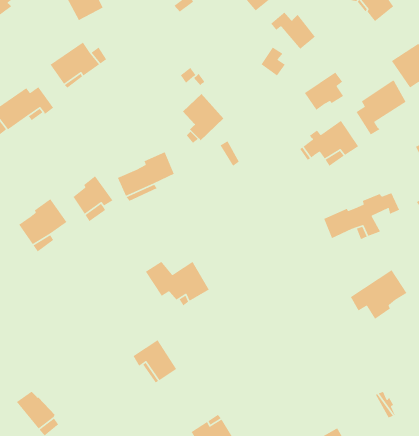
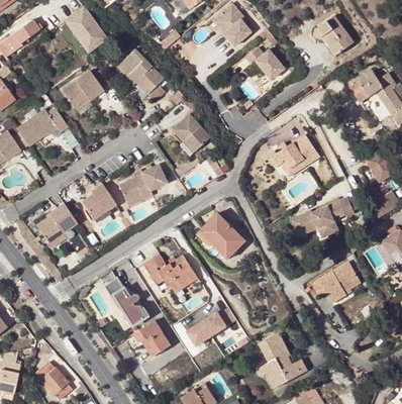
building: none -> [121,49,166,101]
building: [304,72,344,111] -> none
building: [356,80,407,136] -> none
building: none -> [198,213,244,260]
building: none -> [102,278,146,326]
building: none -> [185,307,234,346]
building: none -> [258,333,307,389]

